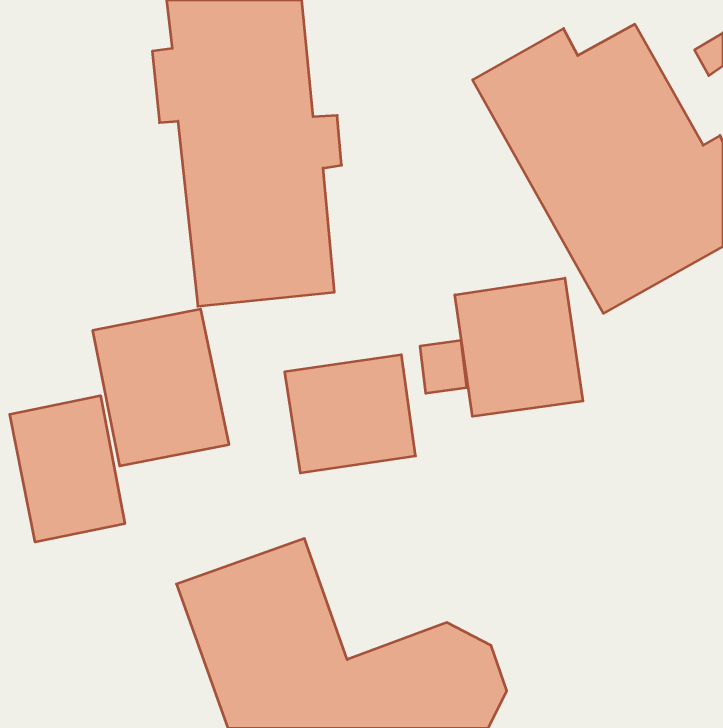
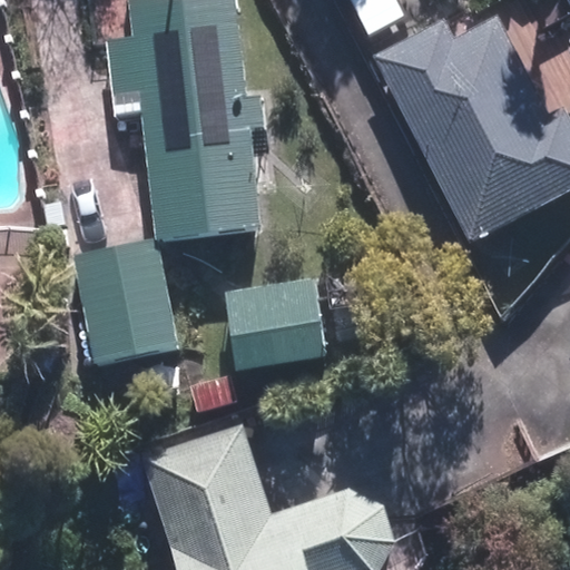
building: [455,278,583,416] -> none
building: [10,396,125,542] -> none

